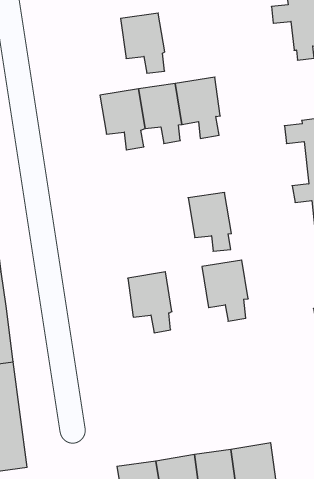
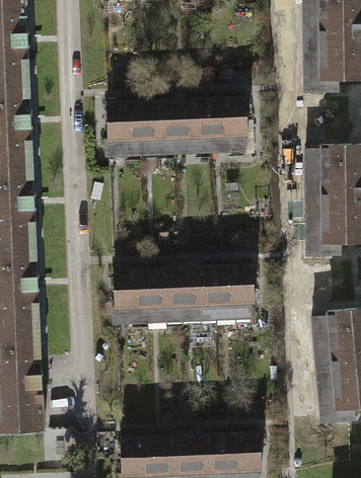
building: [121,13,165,73] -> [105,103,142,156]
building: [188,193,231,251] -> [182,267,217,319]
building: none -> [112,270,148,323]

